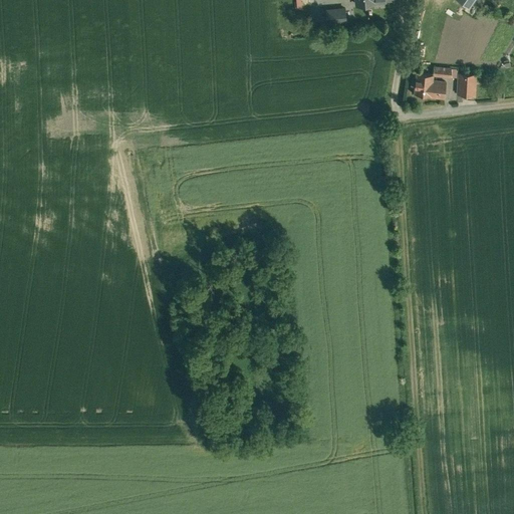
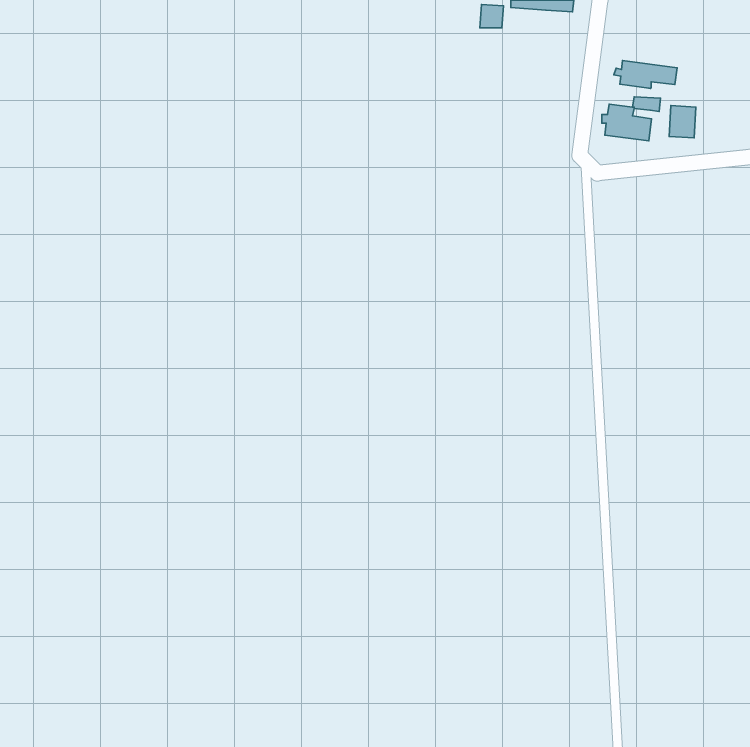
building: none -> [614,60,677,88]

